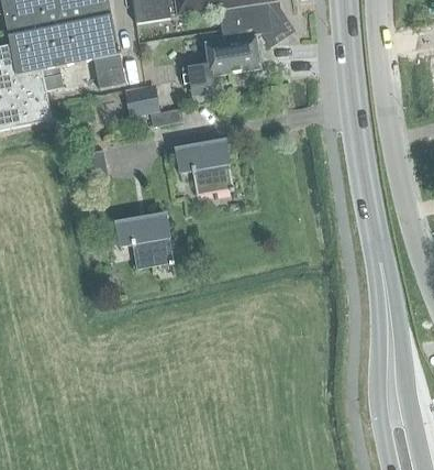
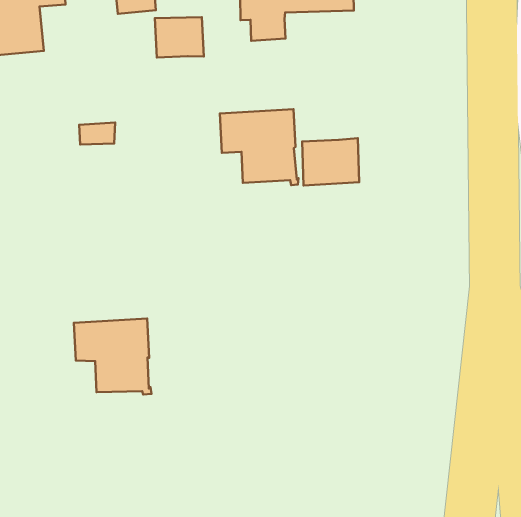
building: none -> [302,138,359,186]
building: [116,212,175,266] -> [74,318,151,394]

